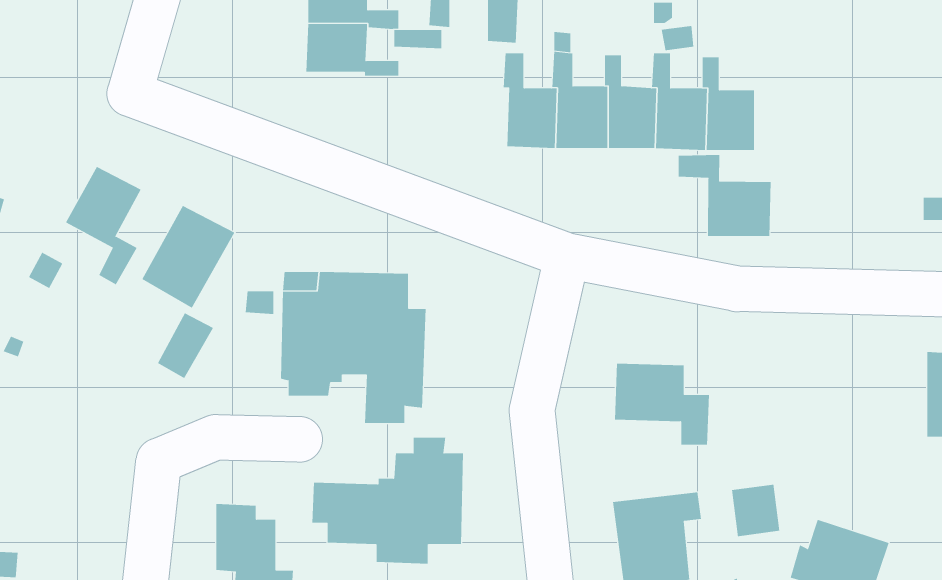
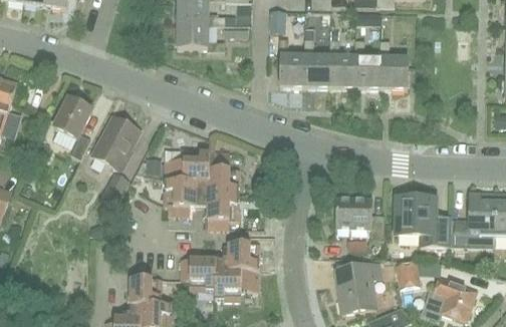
building: [678,154,771,237] -> none
building: none -> [454,191,496,242]
building: none -> [397,198,450,245]

